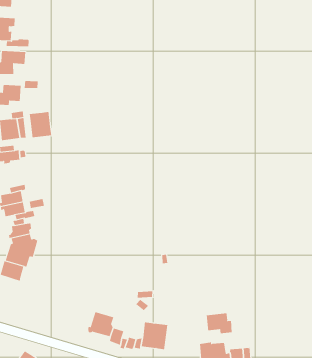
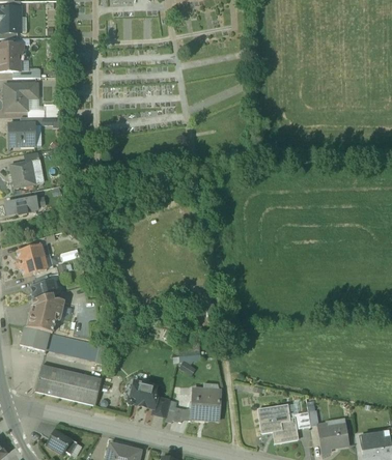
building: [29,111,52,138] -> none
building: none -> [46,332,108,361]
building: none -> [36,364,101,404]
building: [206,312,232,334] -> none

